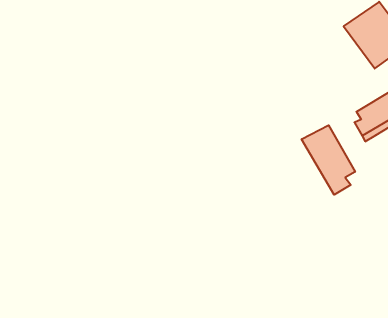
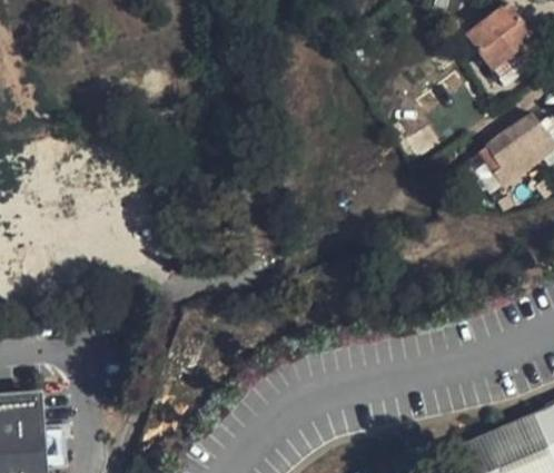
building: [302,125,355,195] -> none

